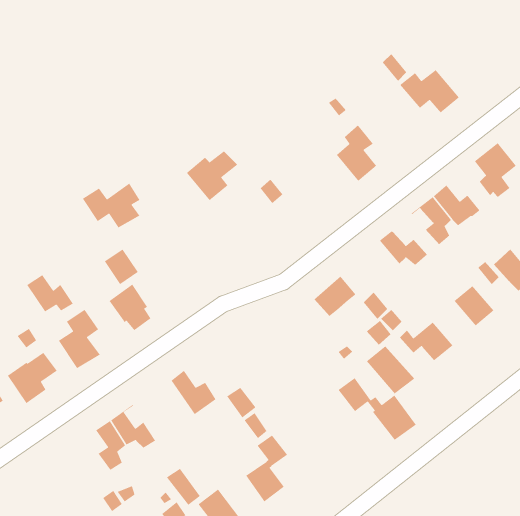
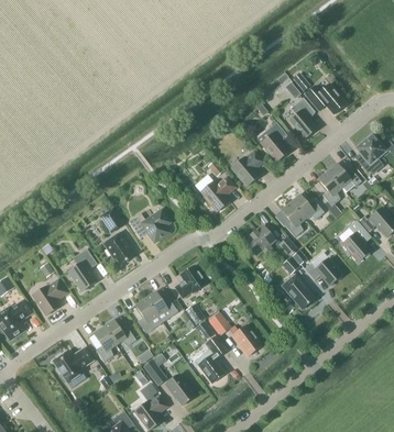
building: none -> [289,98,317,139]
building: [186,150,238,201] -> [200,177,237,212]
building: none -> [231,151,264,187]
building: [82,183,141,229] -> [129,210,169,242]
building: none -> [276,202,305,237]
building: [26,274,74,313] -> none
building: none -> [175,266,207,298]
building: [337,377,417,441] -> [208,312,263,356]
building: none -> [136,299,163,333]
building: none -> [53,347,94,384]

